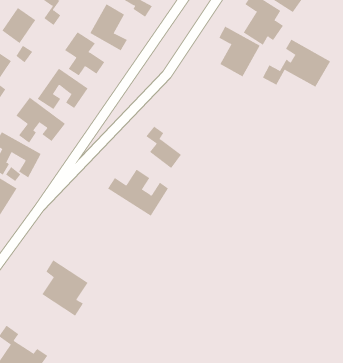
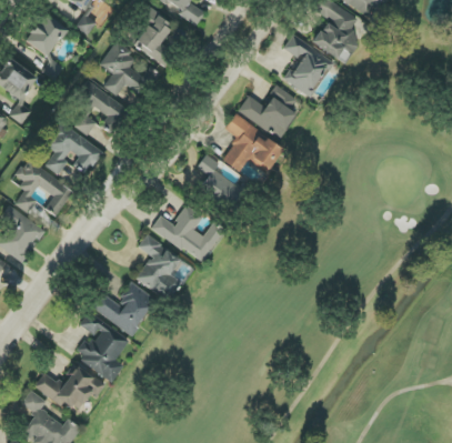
building: [262,39,331,88] -> none
building: none -> [238,85,297,139]
building: none -> [222,114,283,173]
building: none -> [135,235,181,299]
building: none -> [92,282,155,335]
building: none -> [33,363,106,411]

